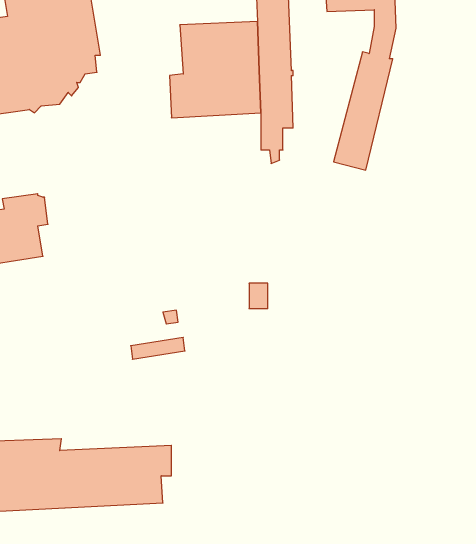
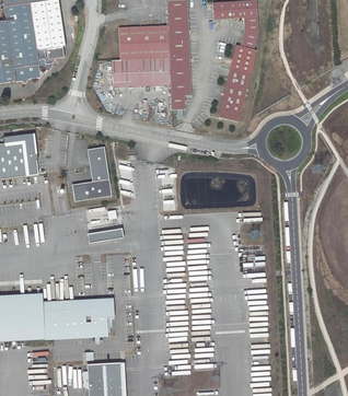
building: none -> [72,147,112,201]

